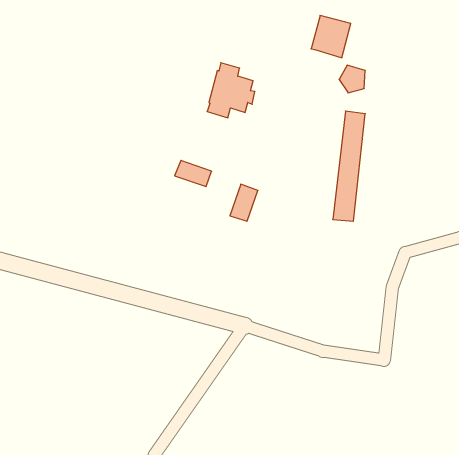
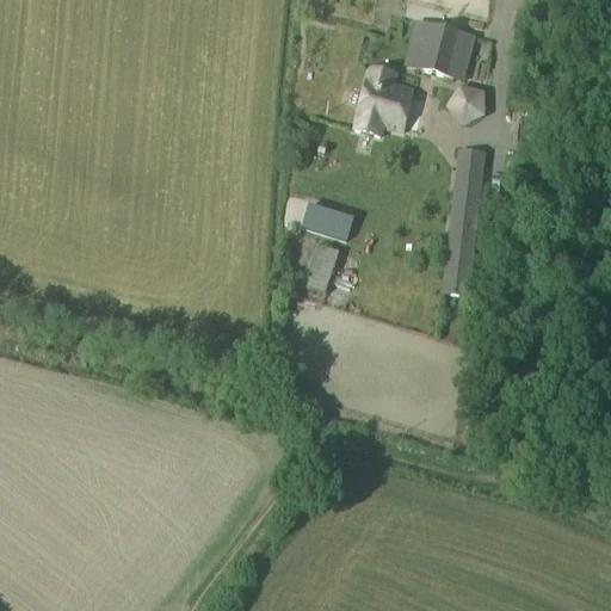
building: [207,63,255,118] -> [353,63,416,136]
building: [175,160,212,187] -> [306,205,354,240]

